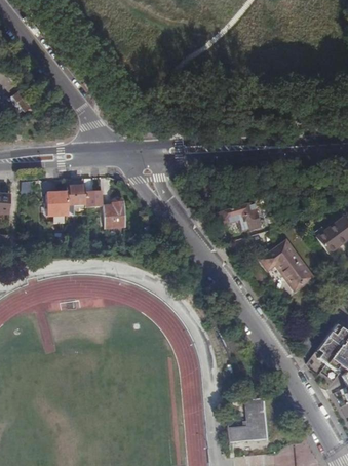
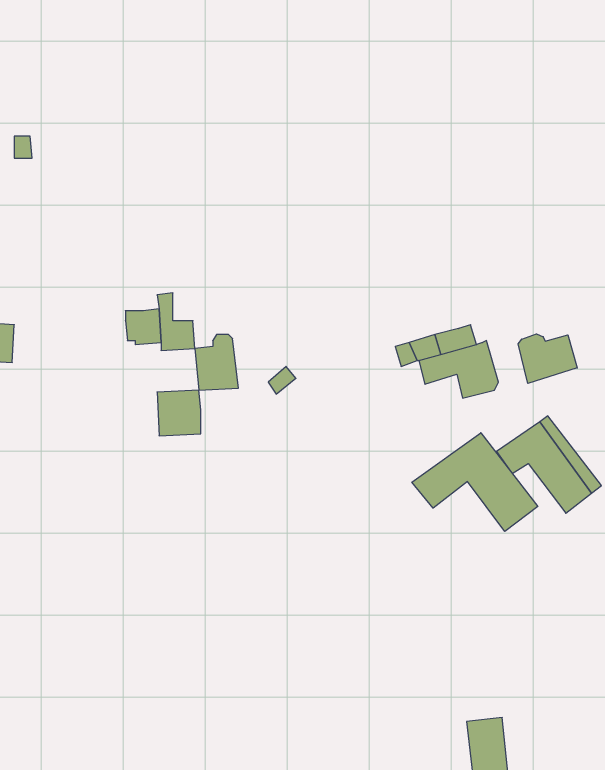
building: [45,192,68,216] -> [157,390,201,436]
building: none -> [518,334,577,383]
building: none -> [412,433,538,531]

